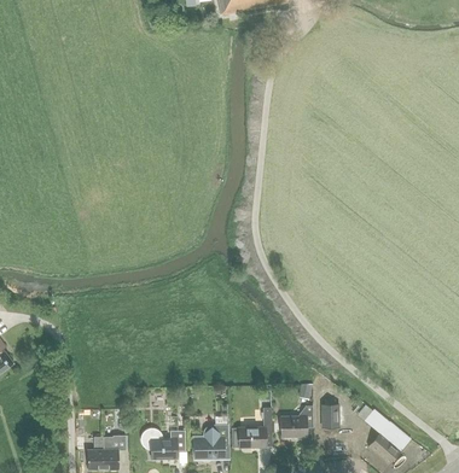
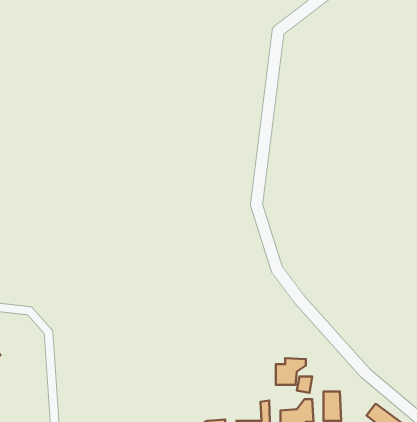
building: none -> [276,358,306,385]

